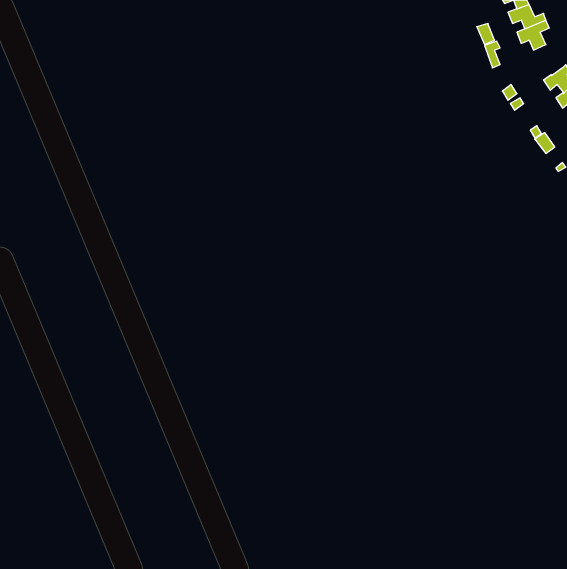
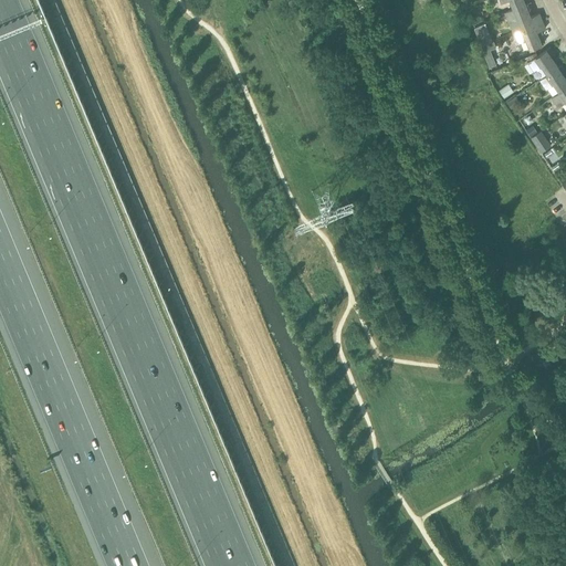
building: none -> [530,48,560,75]

